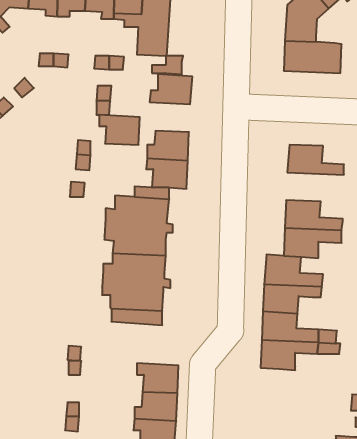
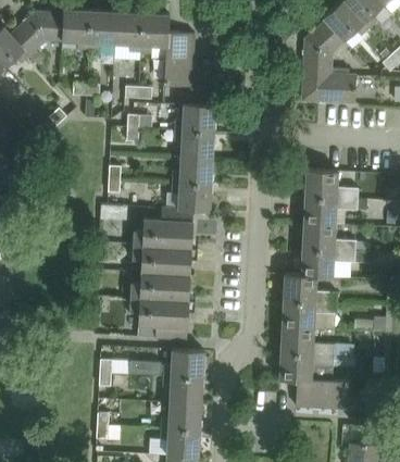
building: [99,115,140,145] -> [176,129,214,158]
building: none -> [304,196,359,223]
building: none -> [162,349,204,377]
building: none -> [296,378,351,409]

